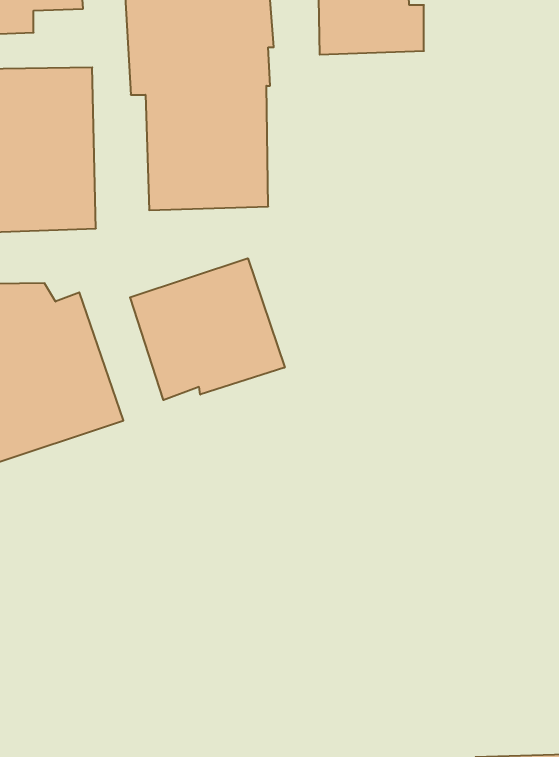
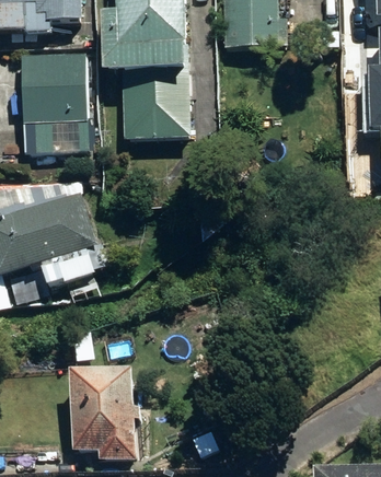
building: [130,258,285,400] -> none
building: none -> [77,369,141,459]

